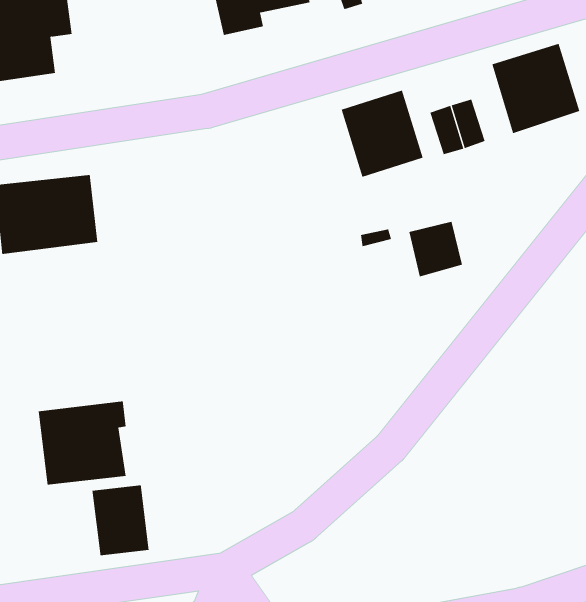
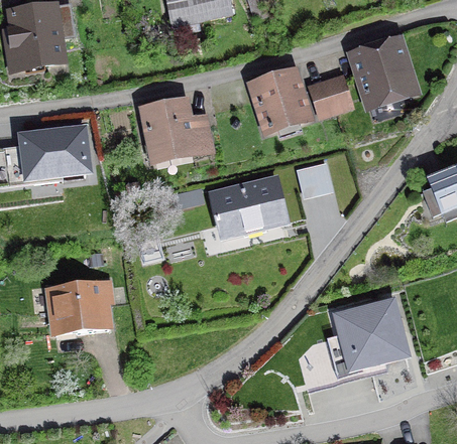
building: none -> [141,100,210,153]
building: none -> [213,180,282,236]
building: none -> [338,299,406,367]
building: [92,485,149,556] -> none

